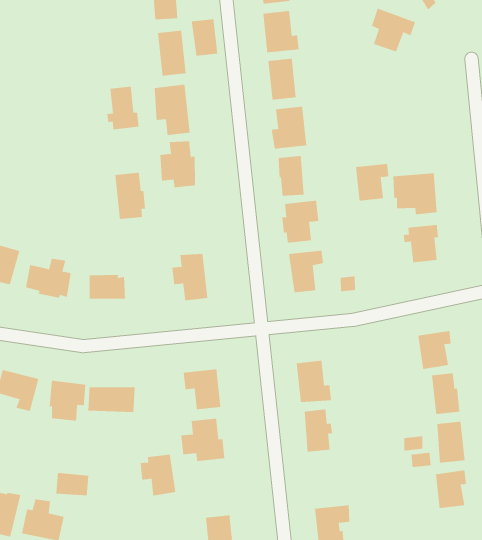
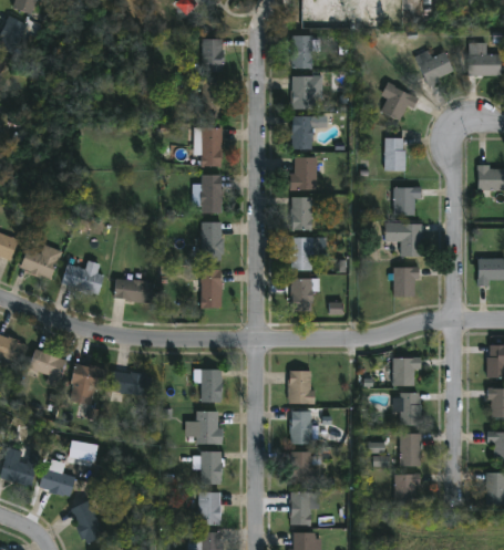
building: [191,18,218,57] -> none
building: none -> [382,138,405,173]
building: [107,86,139,130] -> none
building: [355,163,389,201] -> [392,187,420,216]
building: [115,172,146,220] -> [199,224,223,261]
building: none -> [287,449,320,487]
building: [140,454,176,496] -> [192,450,219,484]

